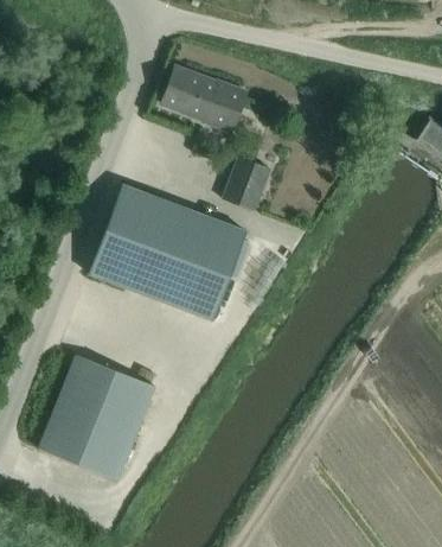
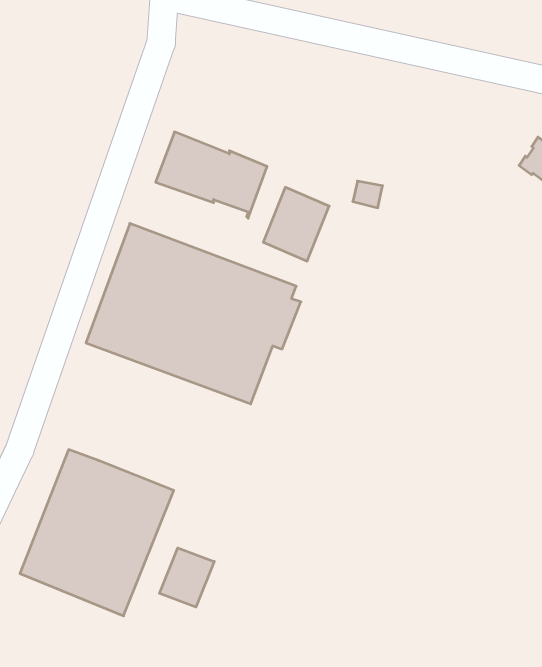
building: [161,66,245,132] -> [156,132,267,218]
building: none -> [159,548,214,607]

